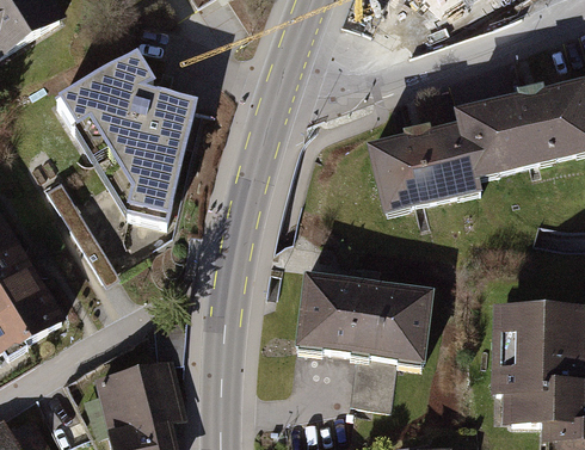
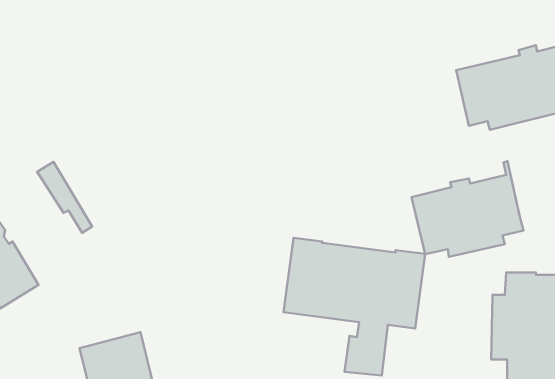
building: [57,53,195,223] -> none
building: [370,111,478,203] -> [412,161,524,257]

